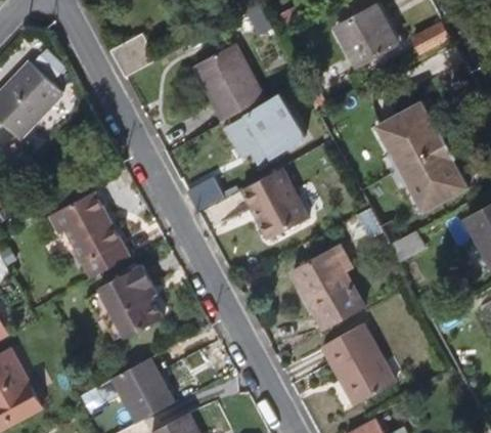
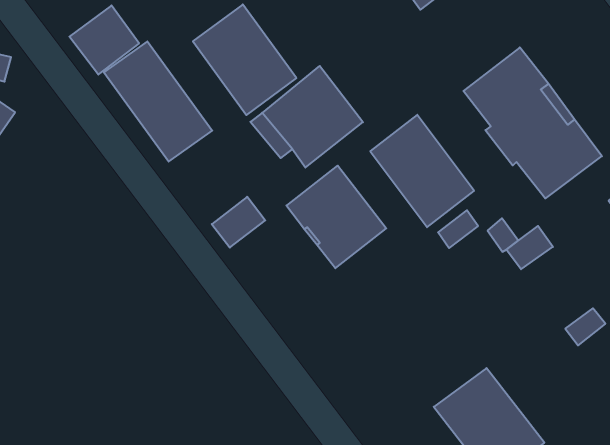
building: none -> [104,41,212,162]
building: [47,191,127,277] -> none
building: [294,250,362,330] -> [370,115,474,227]
building: [97,265,162,338] -> none

